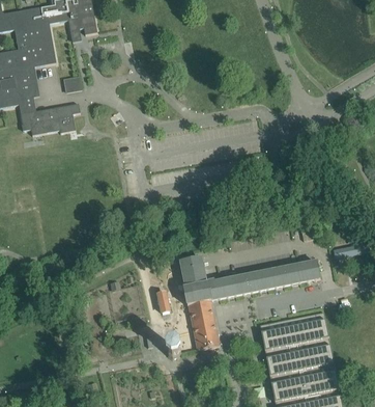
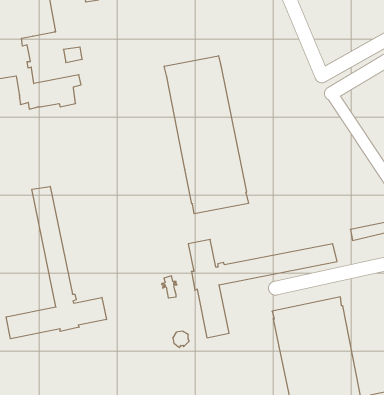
building: none -> [164,56,248,214]
building: none -> [6,186,106,339]

